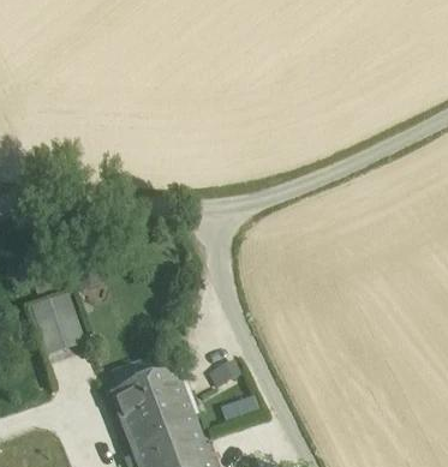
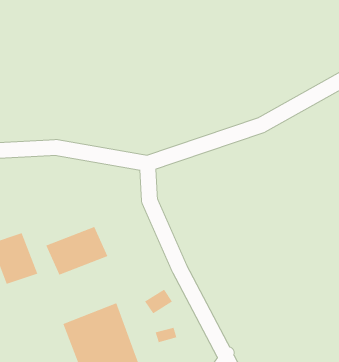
building: none -> [45,226,108,275]

